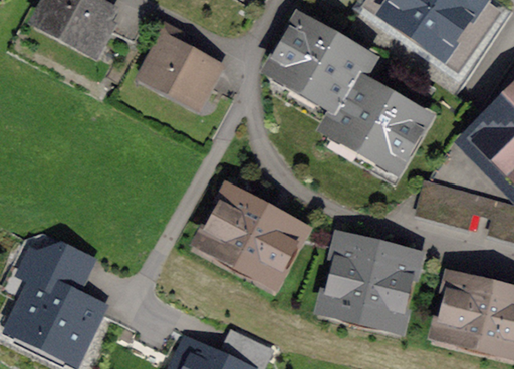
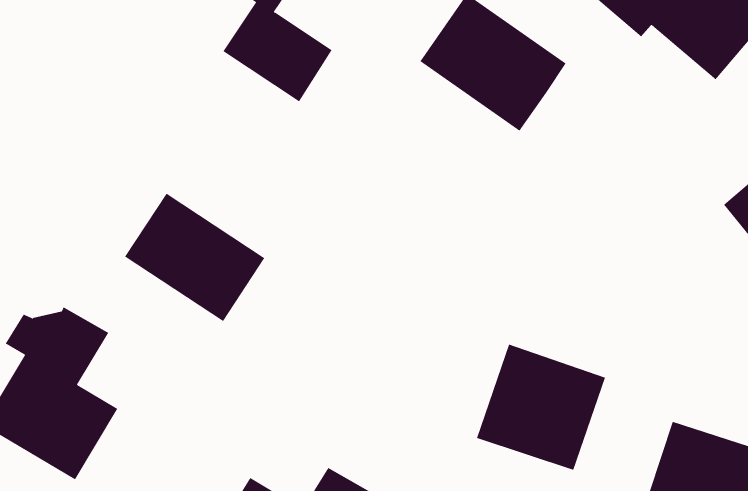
building: [328,81,423,165] -> none
building: [206,197,296,276] -> [124,193,265,322]

